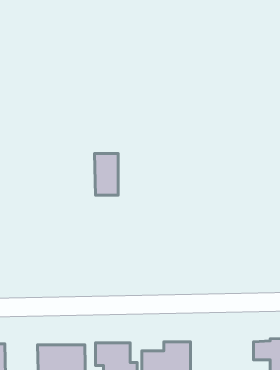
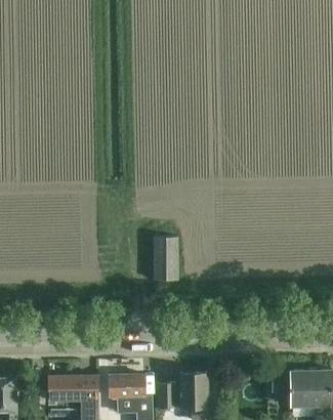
building: [94,154,118,195] -> [153,236,177,279]

